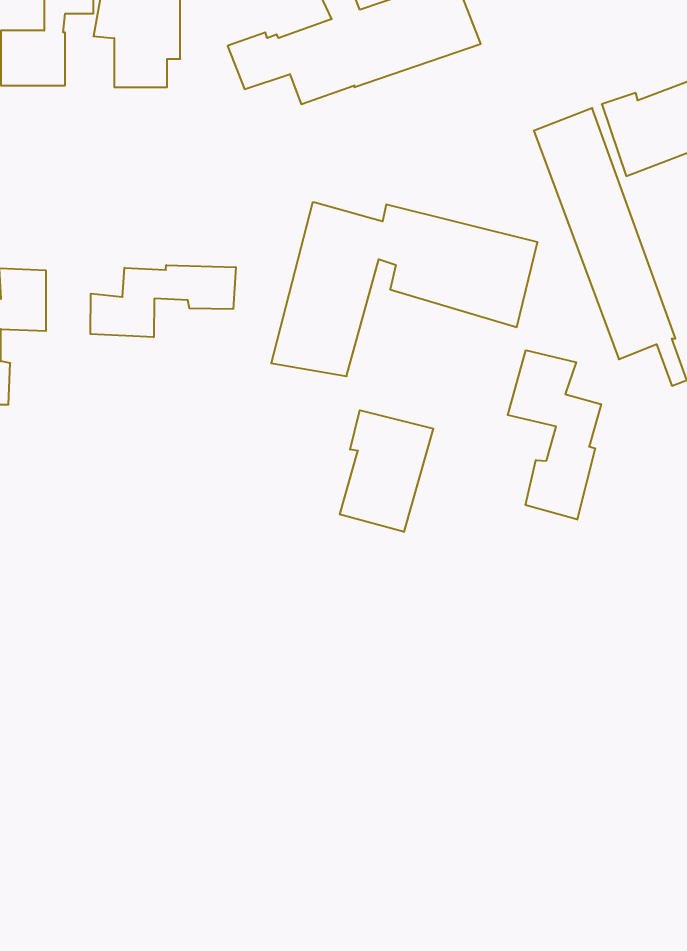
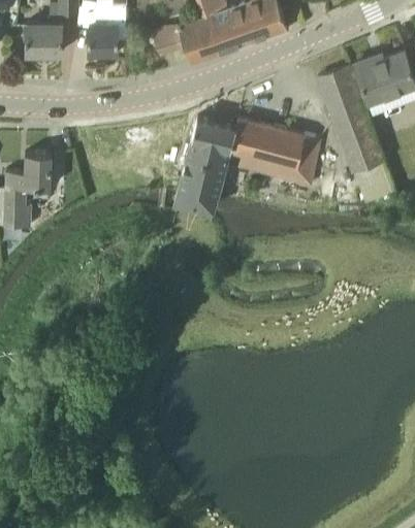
building: [90,265,236,337] -> none
building: [508,350,601,520] -> none
building: [340,410,433,532] -> none

